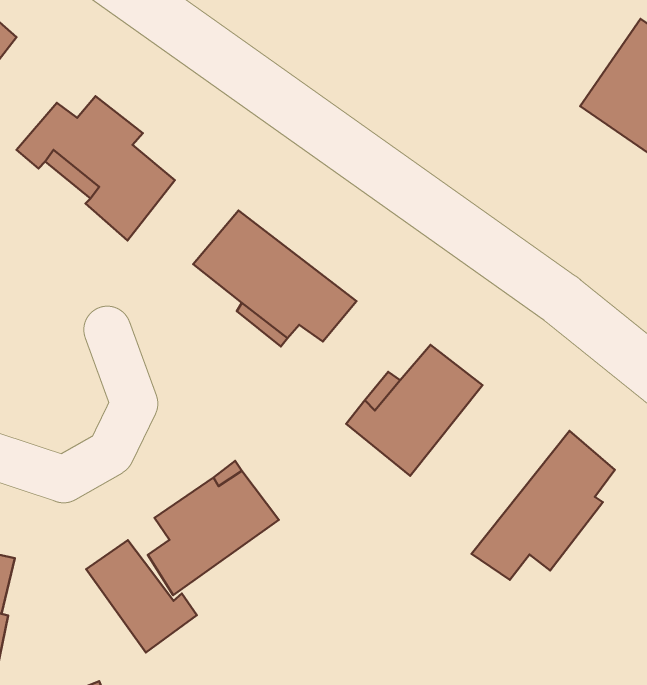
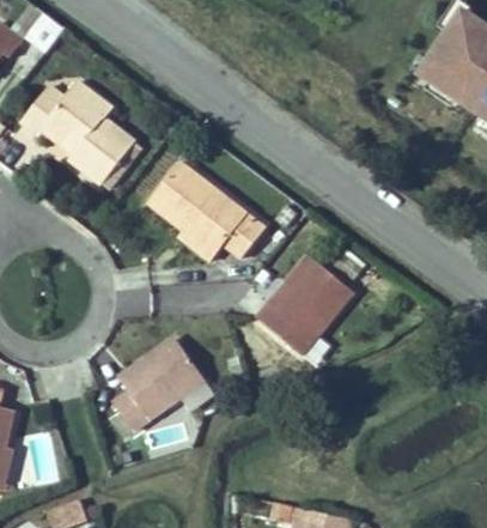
building: [471,431,615,580] -> none
building: [86,540,197,653] -> none

